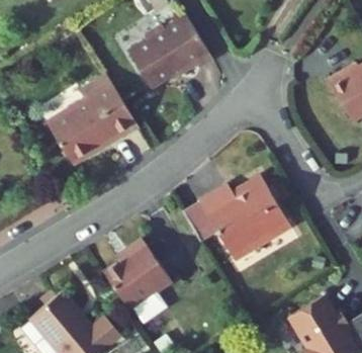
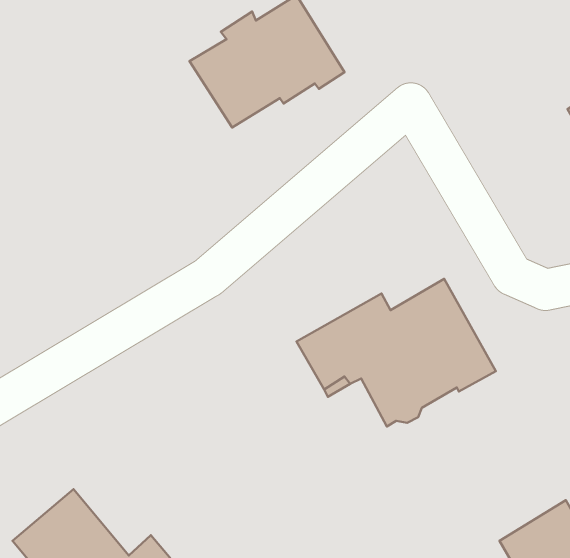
building: [43,76,132,162] -> none
building: [103,240,172,310] -> none

